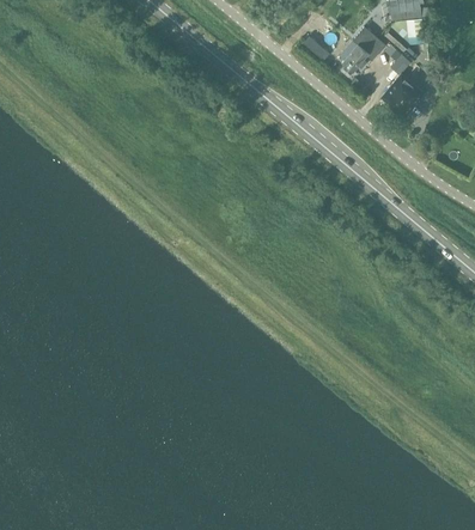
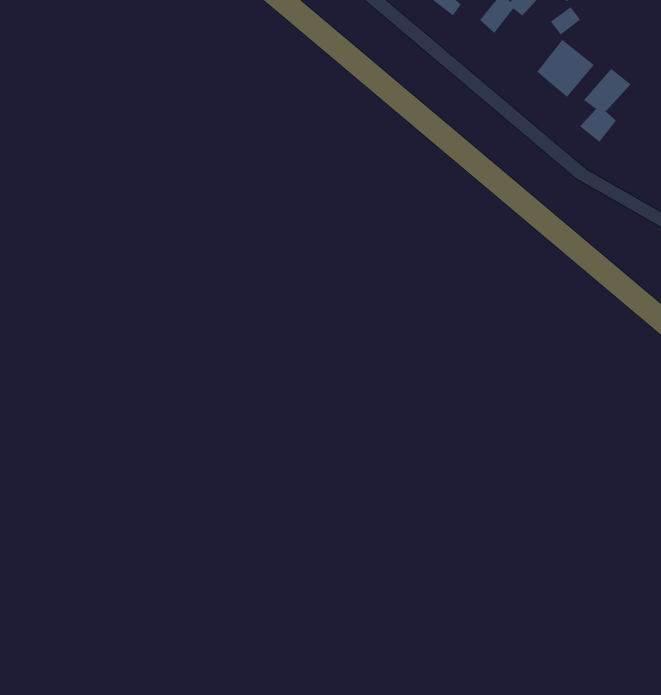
building: none -> [579,68,631,143]

